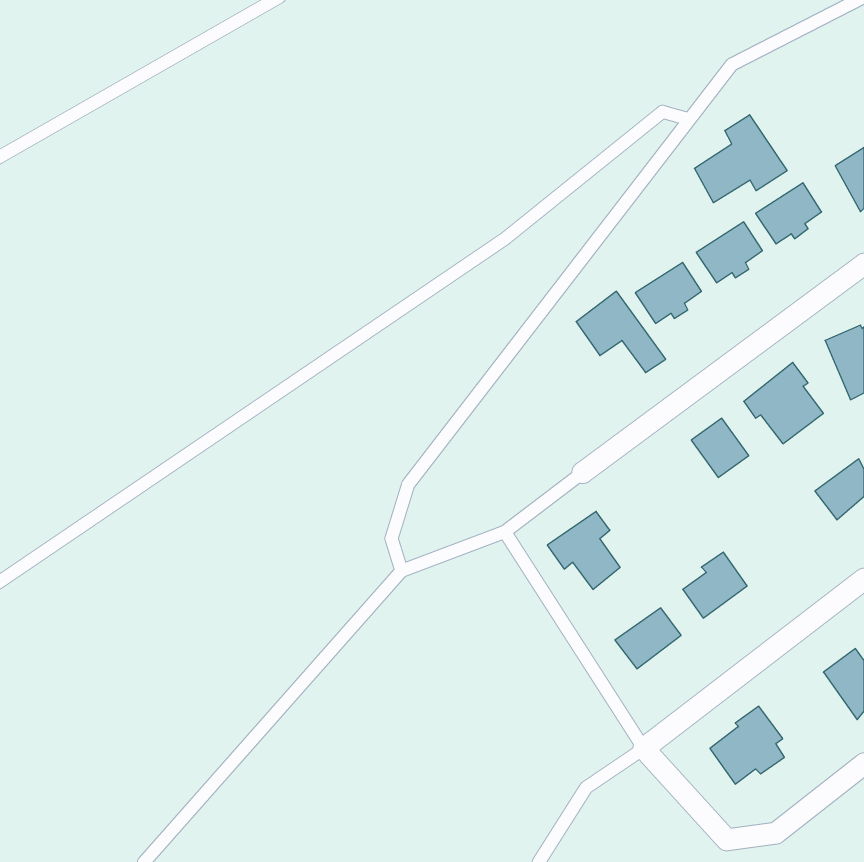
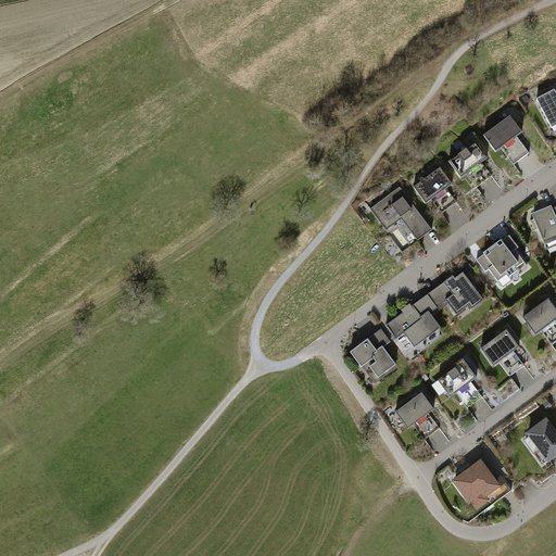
building: [694,115,787,203] -> none
building: none -> [384,291,442,346]
building: none -> [481,327,523,366]

